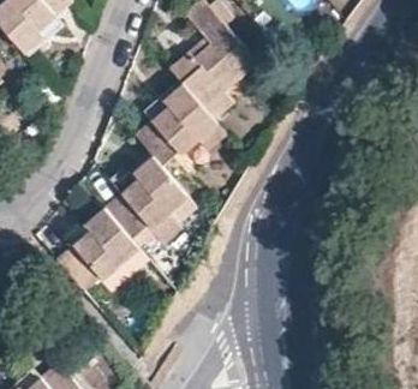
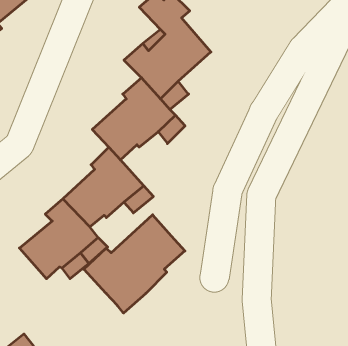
building: none -> [84,215,185,313]

